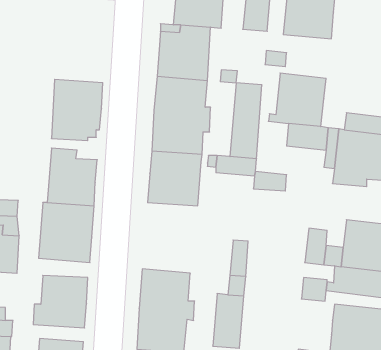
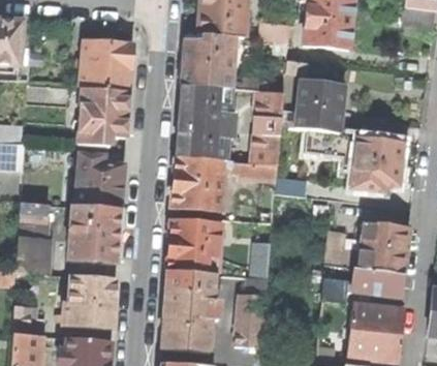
building: none -> [81,40,132,90]
building: none -> [167,220,220,274]

